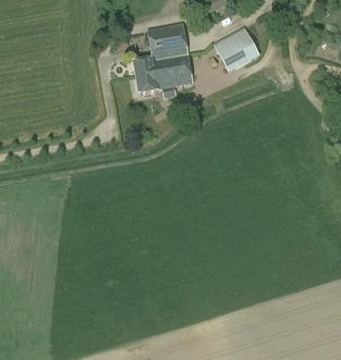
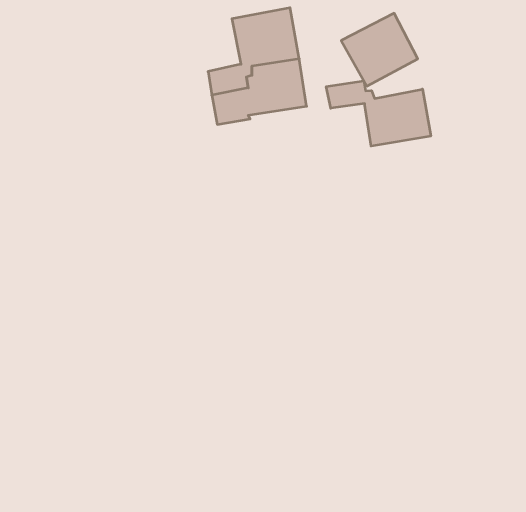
building: none -> [326,81,431,146]

